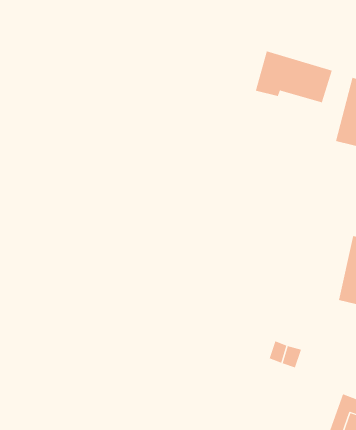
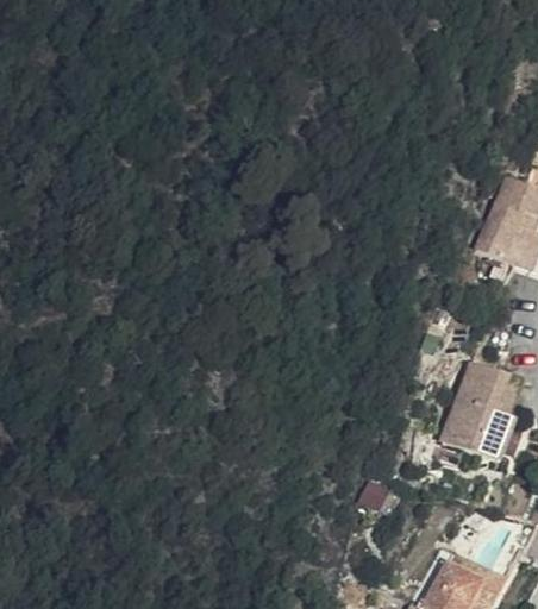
building: [255,50,332,103] -> none

